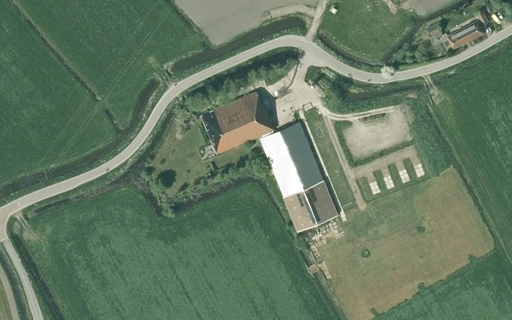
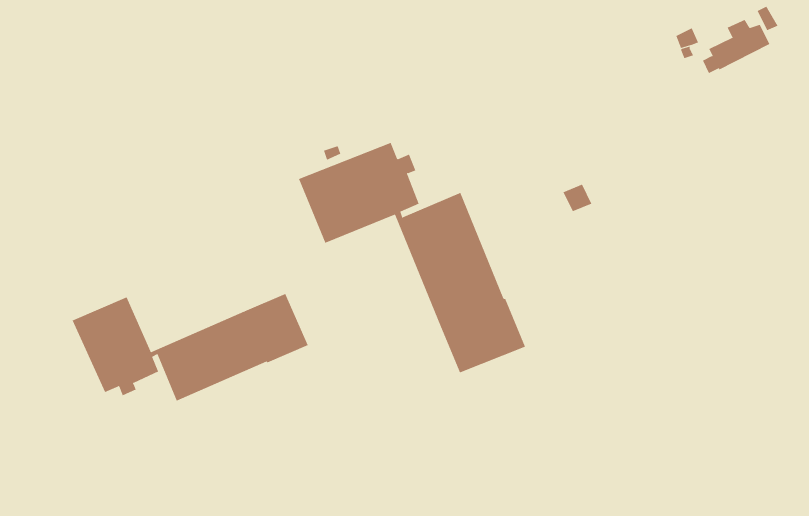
building: none -> [72,293,309,402]

